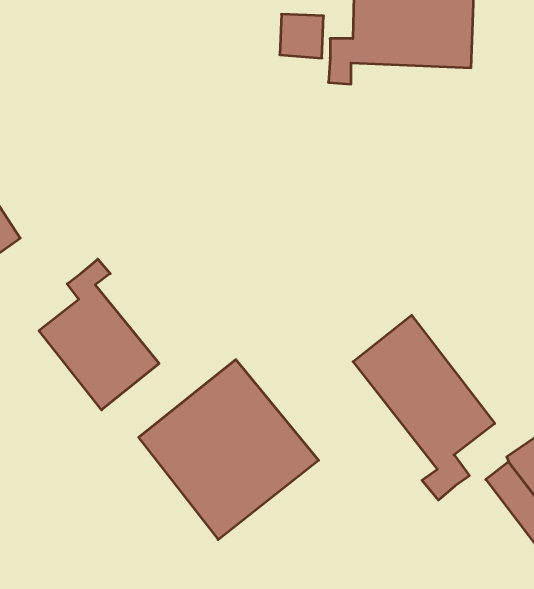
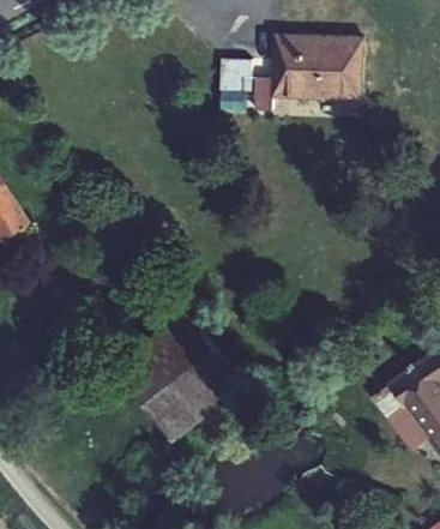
building: [39,259,159,410] -> none
building: [353,315,495,500] -> none

